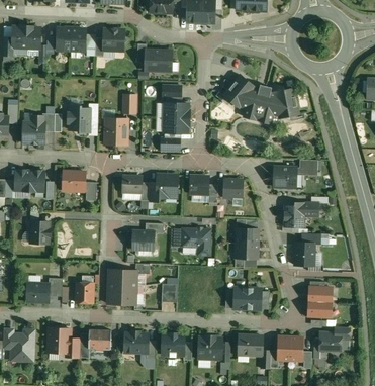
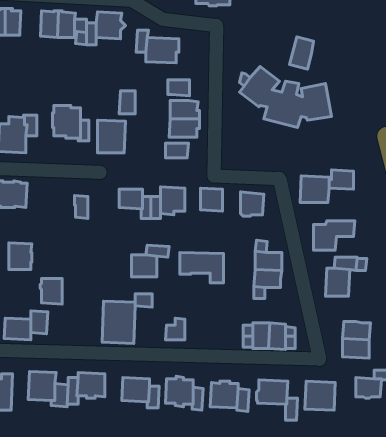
building: none -> [289,37,314,69]
building: [63,171,85,191] -> none
building: [75,282,93,303] -> [40,279,62,304]

